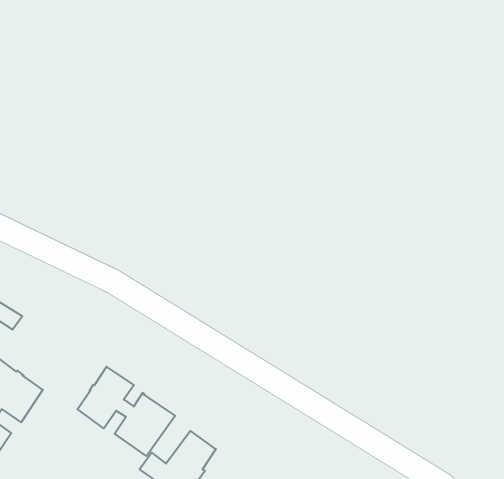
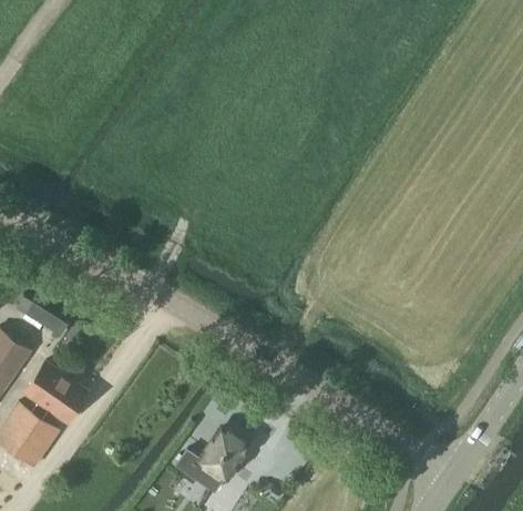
building: [77,367,175,456] -> none

